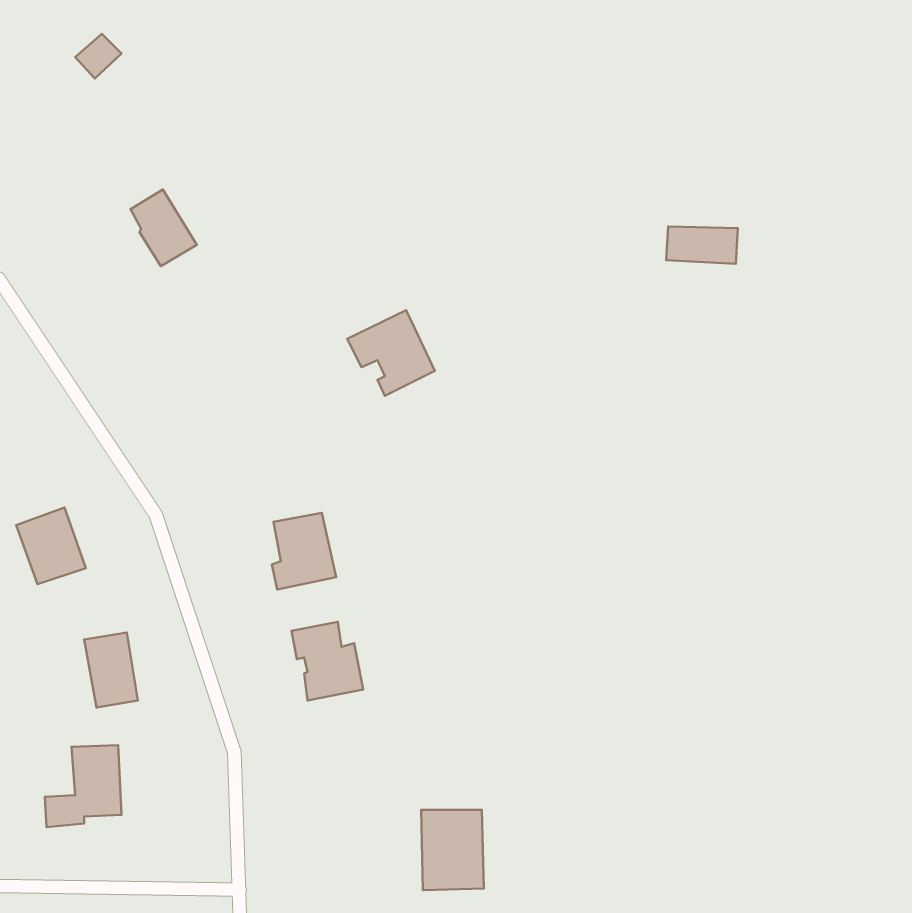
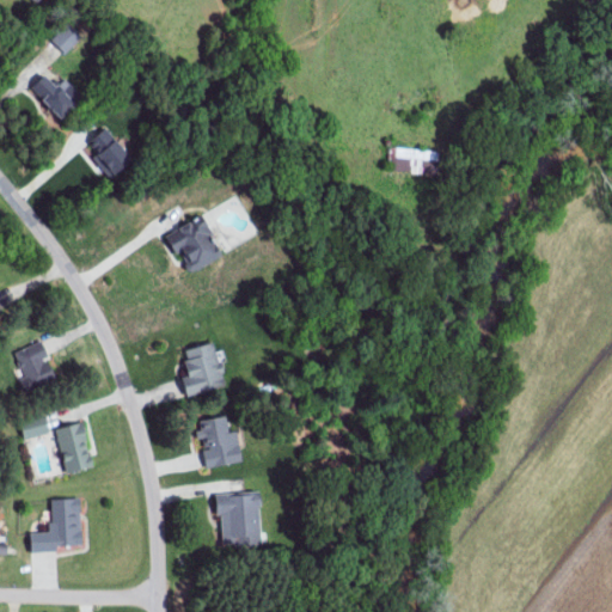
building: none -> [30,73,84,118]
building: [666,226,738,264] -> [388,148,436,173]
building: [347,310,435,396] -> [164,215,222,273]
building: [421,810,484,890] -> [219,492,261,546]

